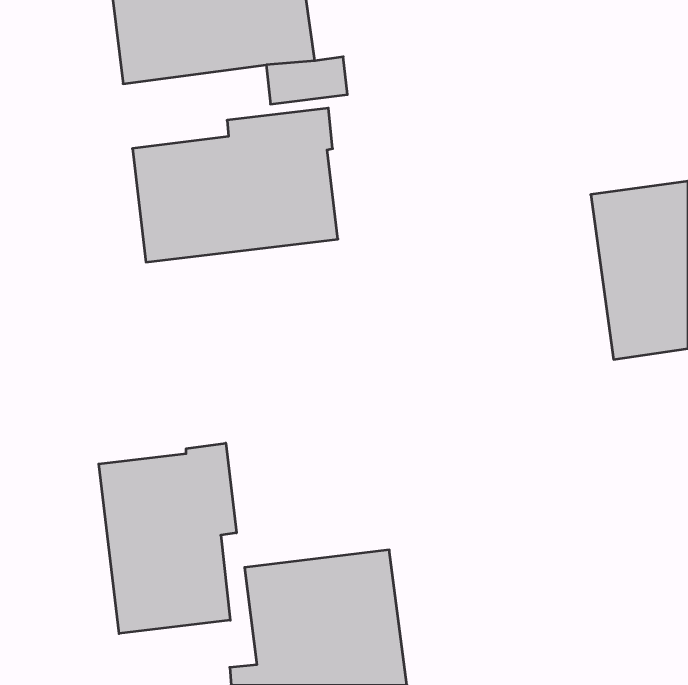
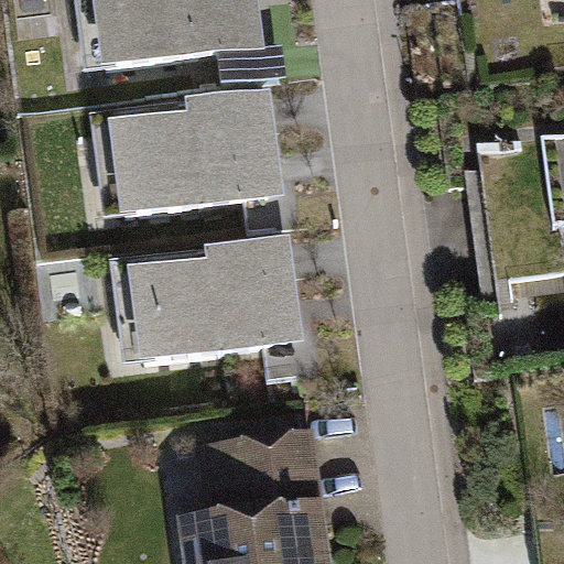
building: none -> [128,235,295,360]
building: [99,443,236,634] -> none

